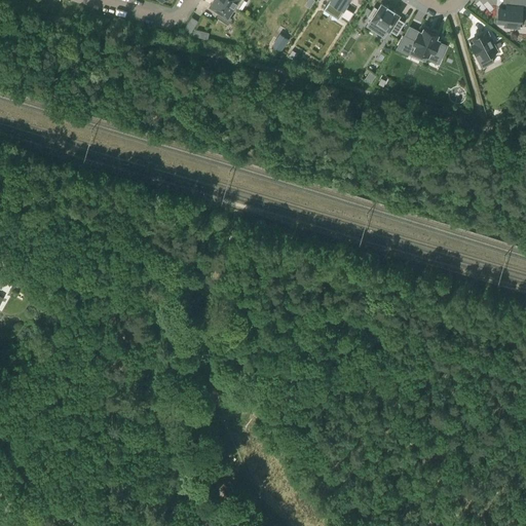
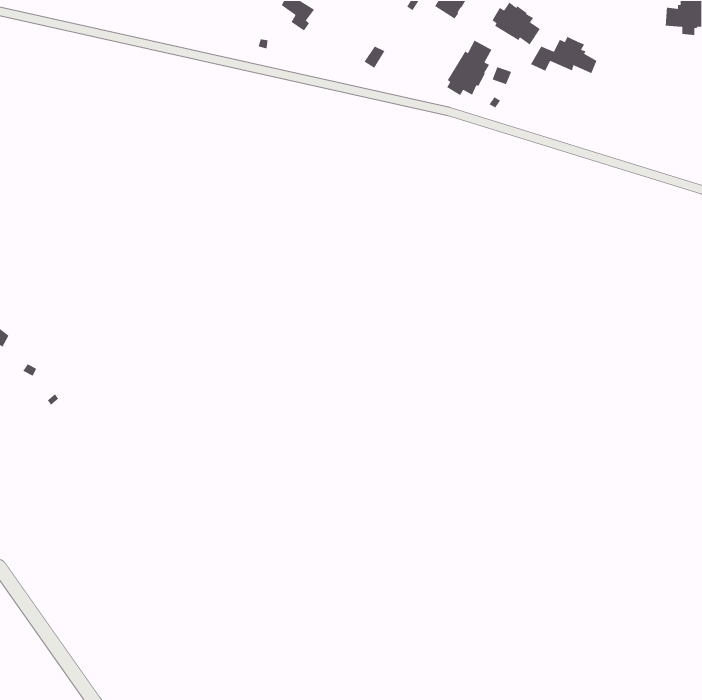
building: none -> [446,40,492,96]
building: [471,33,496,60] -> none

